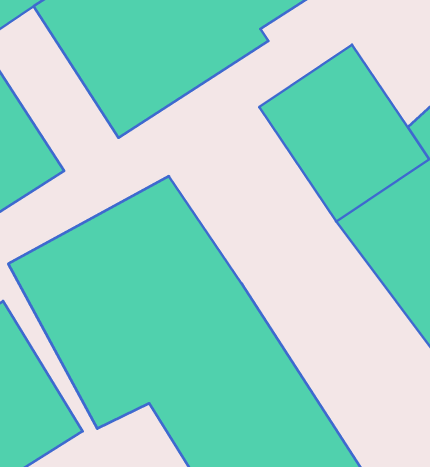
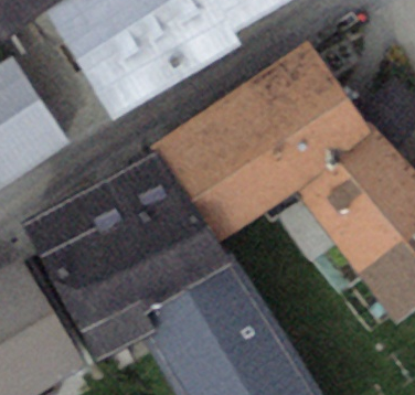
building: none -> [153,95,296,242]

